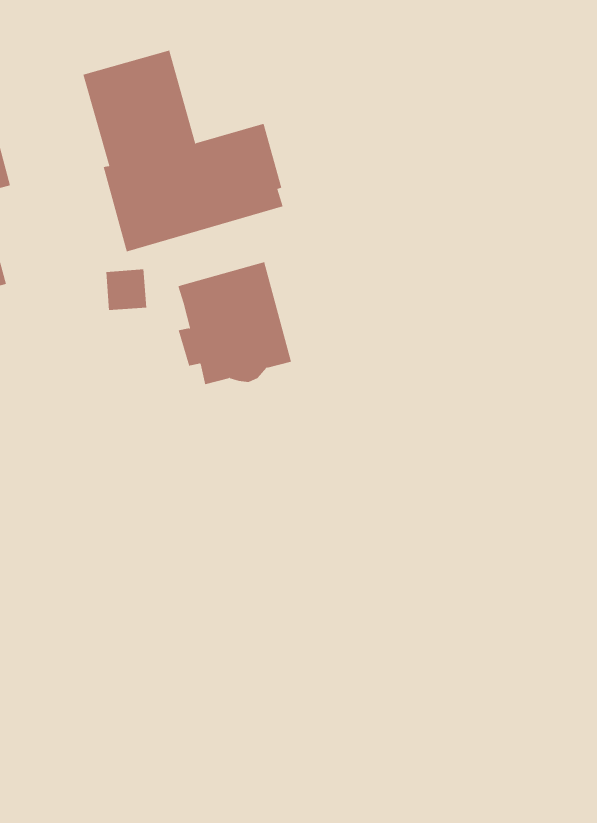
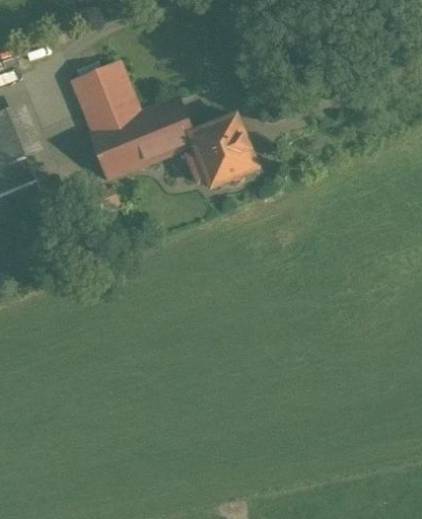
building: [178,261,292,385] -> [188,114,256,186]

